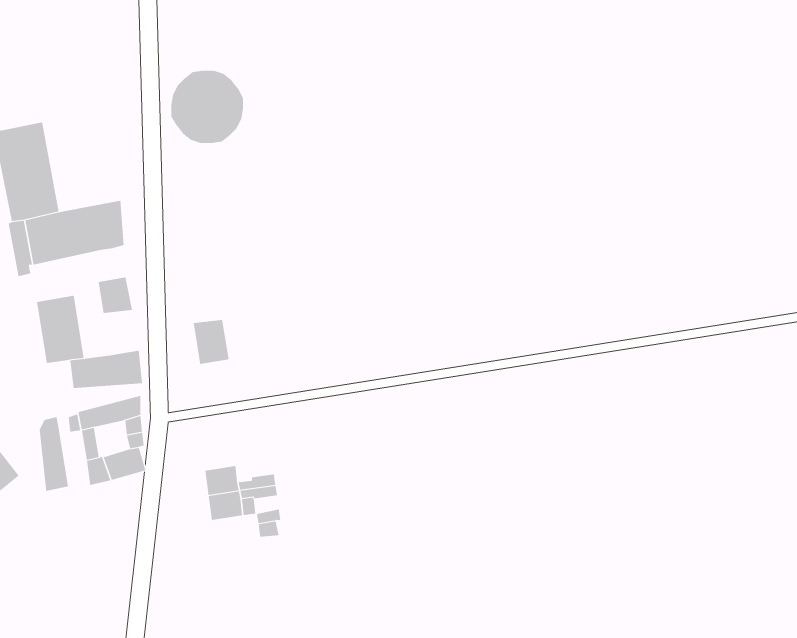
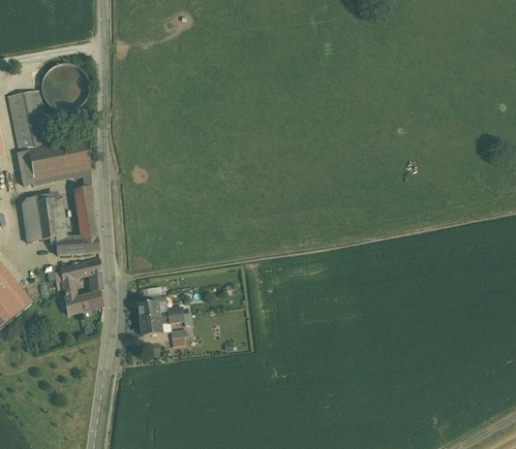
building: [170,70,244,144] -> [41,64,87,109]
building: [193,319,230,364] -> [75,205,98,233]
building: [39,417,69,492] -> [22,195,40,242]

